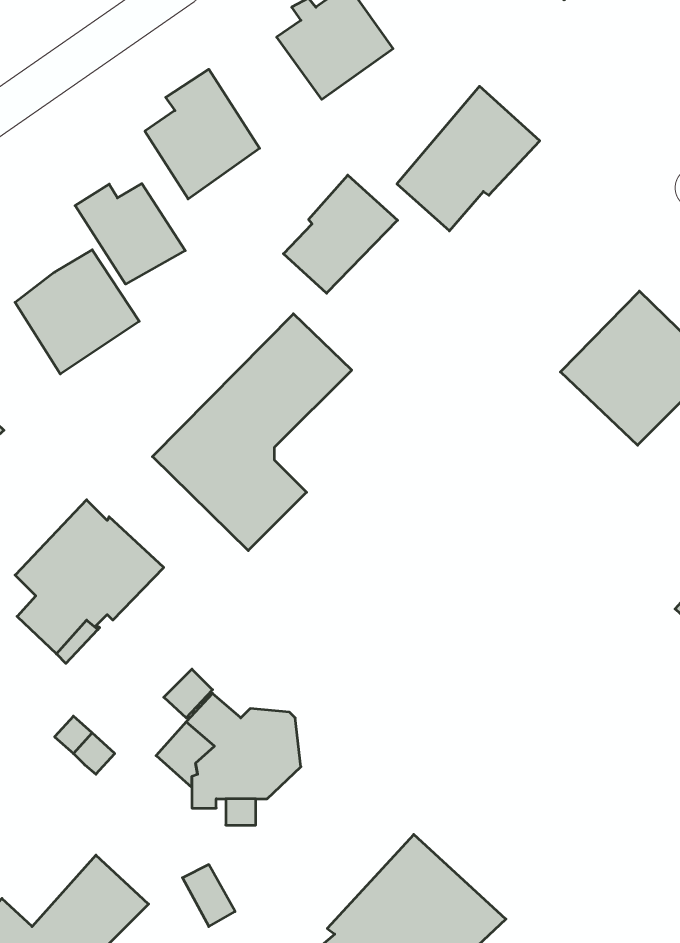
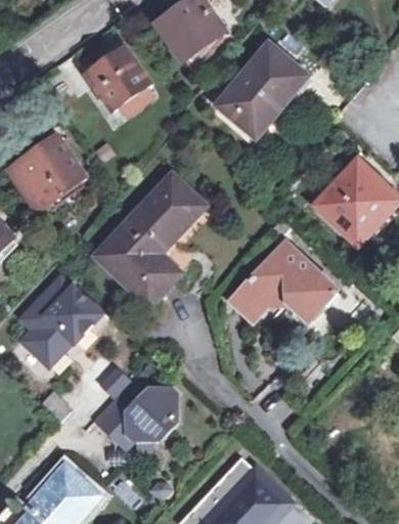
building: [283,175,398,293] -> none
building: [75,184,185,284] -> none
building: none -> [227,243,335,321]

